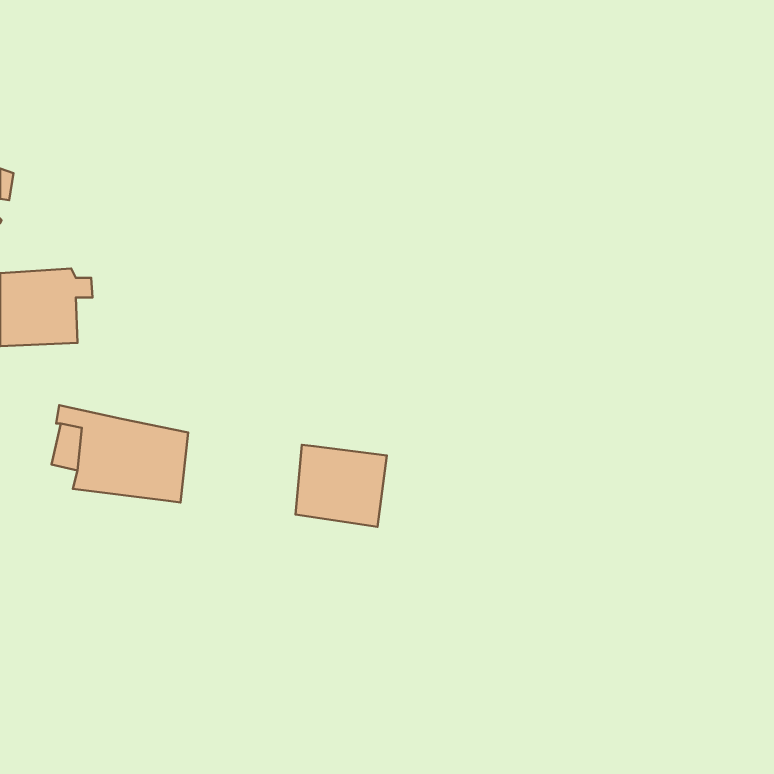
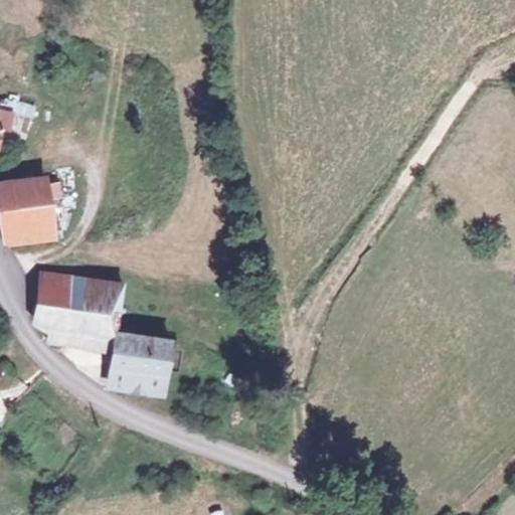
building: [296,445,387,527] -> [109,332,169,386]

